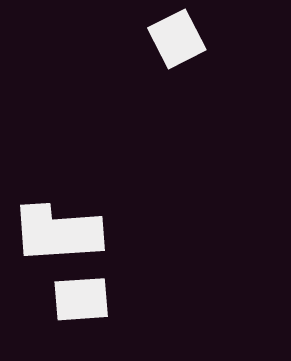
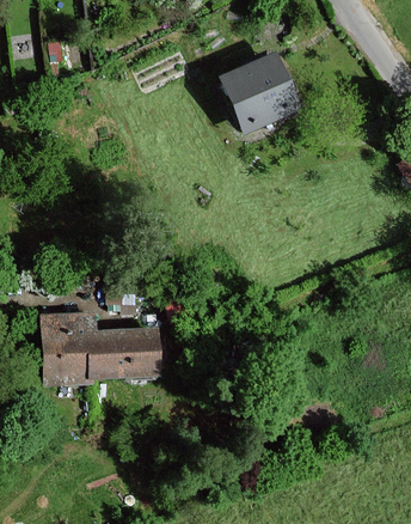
building: [54,277,108,321] -> none

